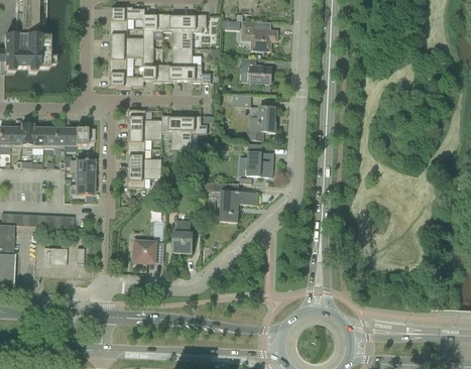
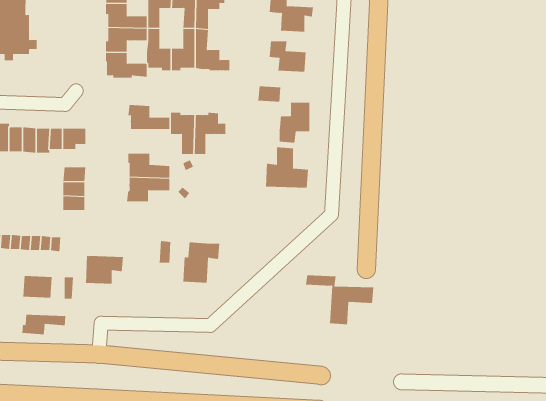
building: [127,129,161,148] -> none
building: [203,181,258,222] -> [305,275,374,325]
building: [133,240,164,263] -> [85,256,124,284]
building: none -> [22,314,66,335]

